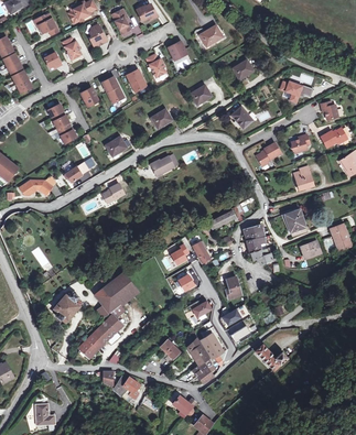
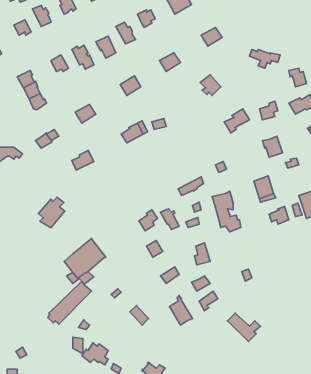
building: [54,291,80,322] -> [39,197,65,228]
building: [188,337,214,381] -> none

